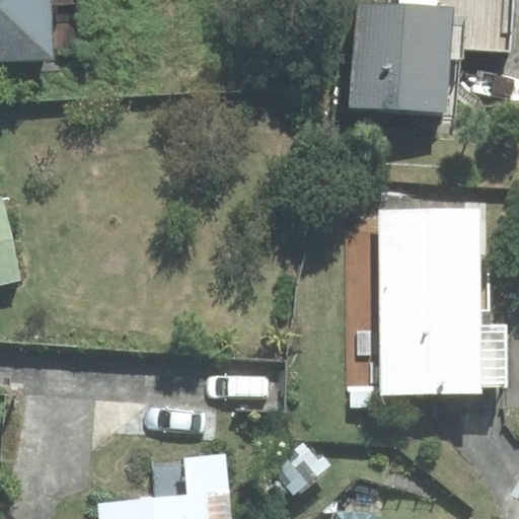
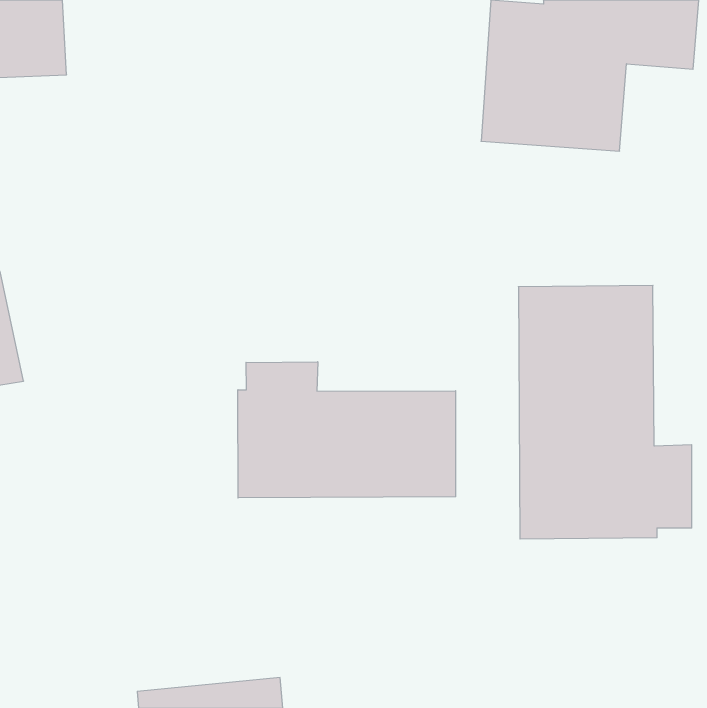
building: none -> [238,362,456,498]

